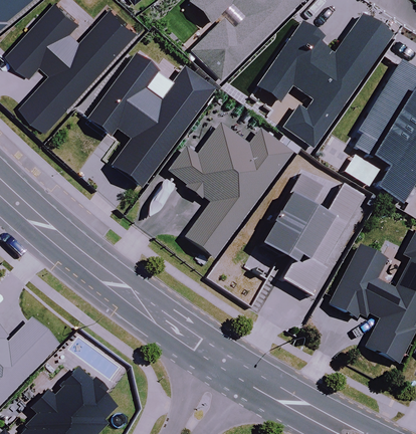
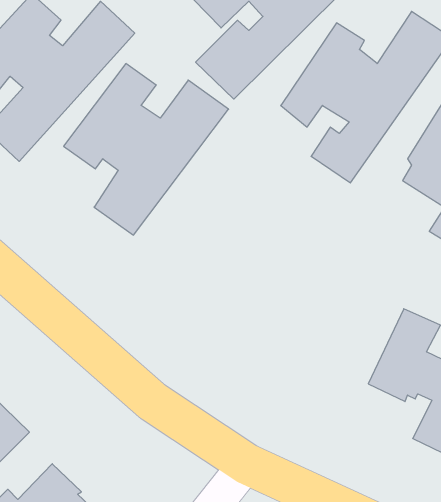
building: [168,124,292,258] -> none
building: [259,168,364,293] -> none

